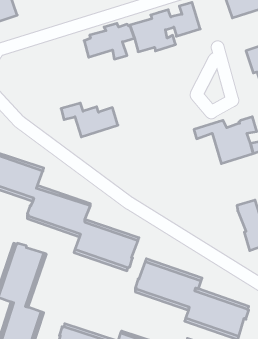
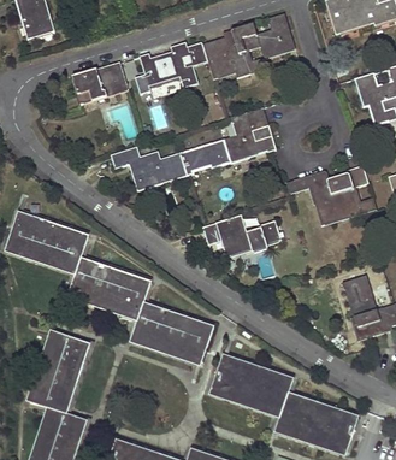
building: none -> [72,60,128,102]
building: none -> [178,106,276,176]
building: none -> [201,213,280,256]

